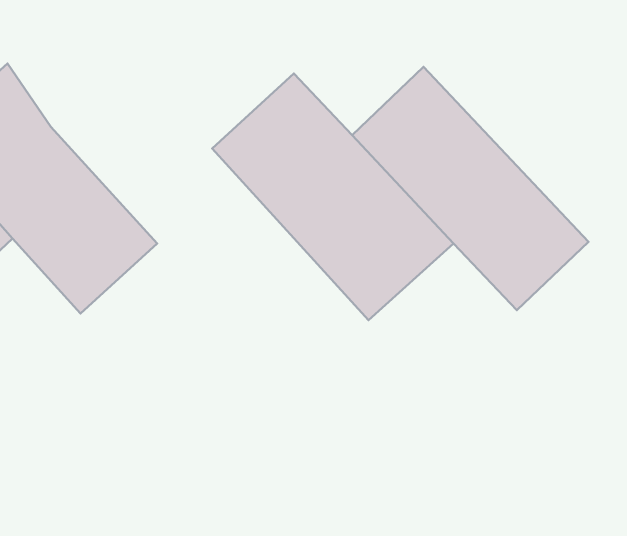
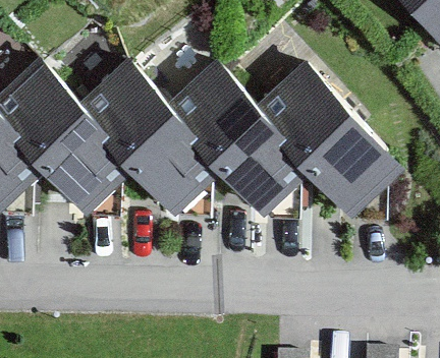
building: none -> [72,55,223,210]

